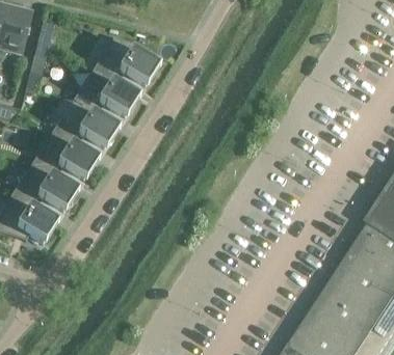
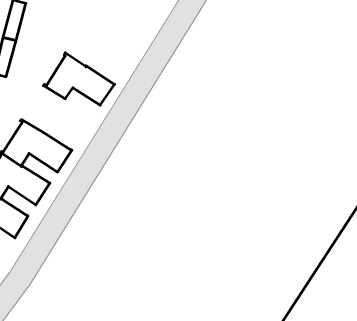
building: [93,36,160,87] -> none
building: [51,98,119,149] -> none

